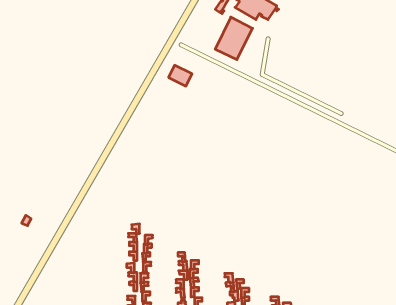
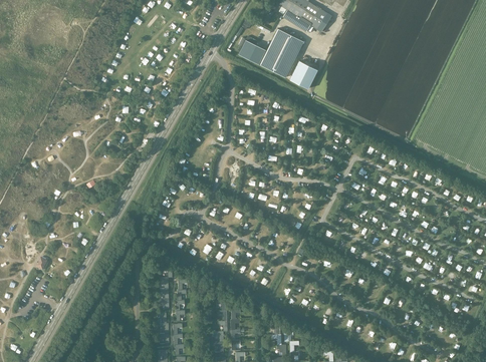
building: none -> [289,60,317,88]
building: [169,65,192,86] -> [238,40,265,64]

